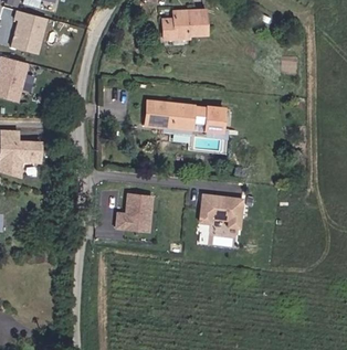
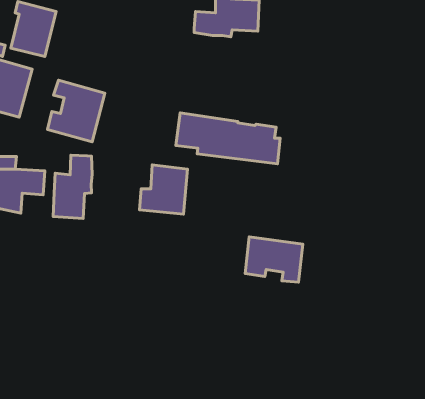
building: none -> [47,80,105,142]
building: none -> [53,155,92,219]
building: [115,193,153,232] -> [140,165,188,214]

